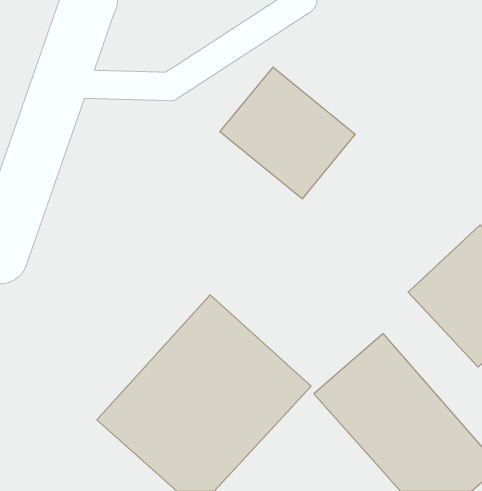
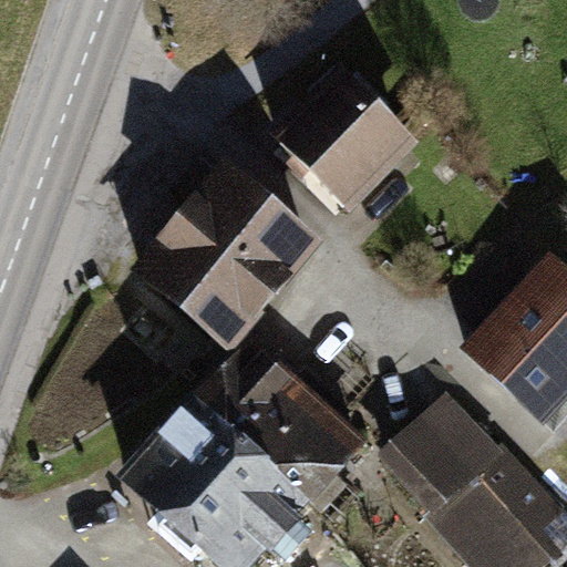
building: none -> [131,159,321,352]

